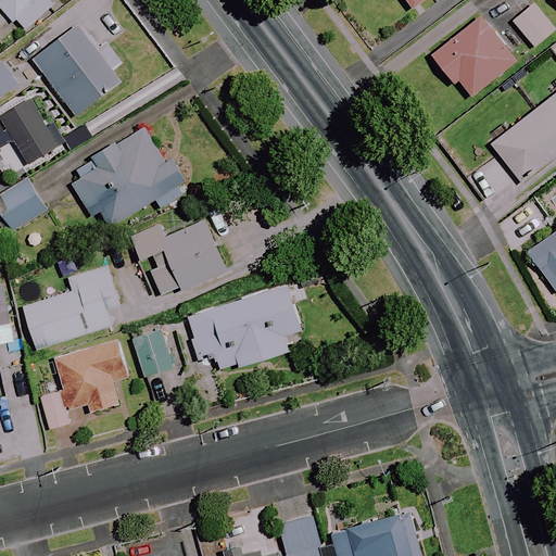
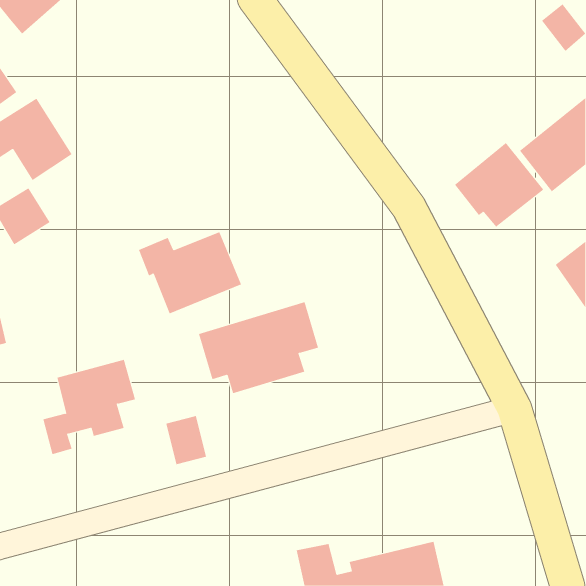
building: [431,15,516,96] -> [454,142,544,227]
building: [33,25,122,117] -> none
building: [72,128,191,226] -> none
building: [24,266,118,348] -> none
building: [132,330,172,377] -> [166,415,207,465]

